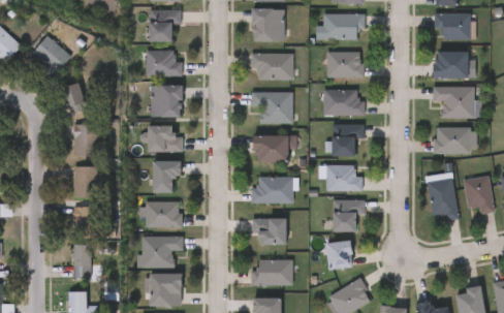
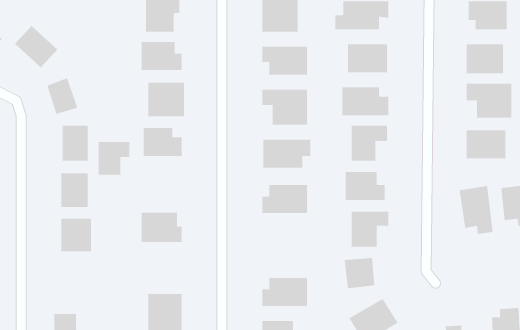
building: [152,162,181,192] -> [98,141,130,175]
building: [254,219,286,245] -> none
building: [138,237,183,268] -> none
building: [73,245,93,277] -> none

